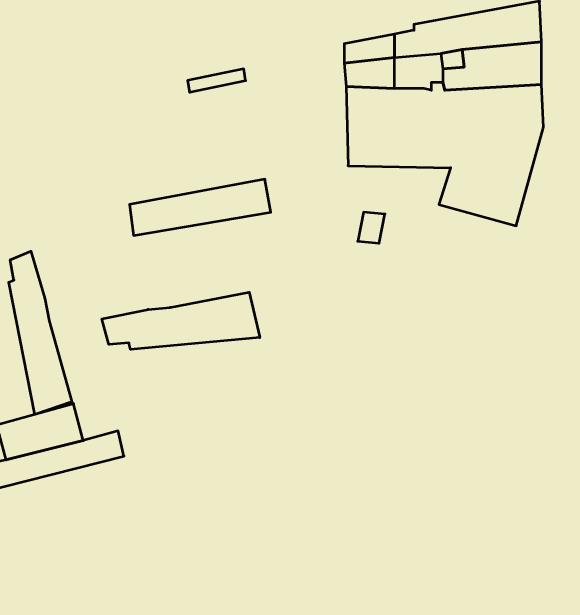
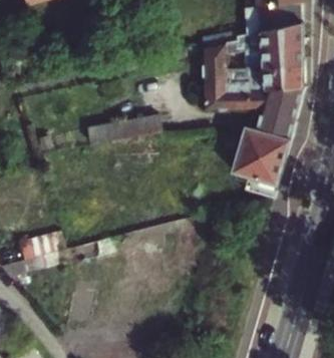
building: none -> [234,127,290,184]
building: [9,251,72,414] -> none
building: [102,292,260,349] -> none

